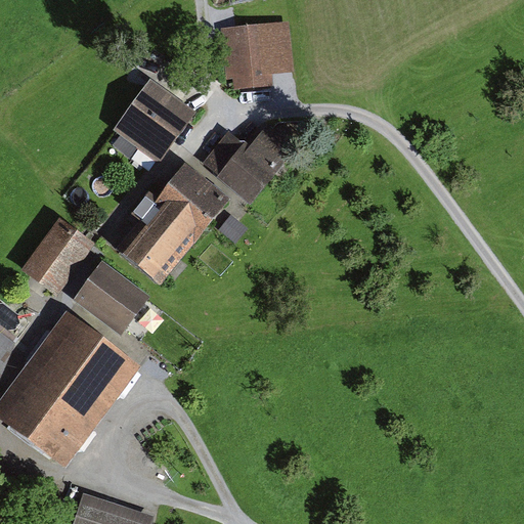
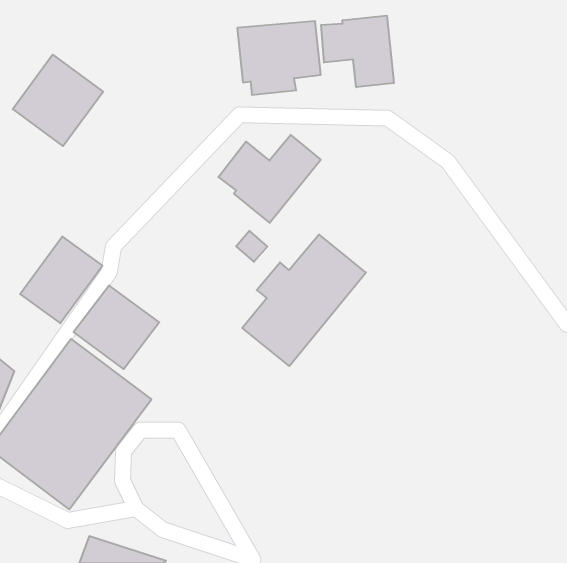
building: none -> [321,16,394,87]
building: [112,79,194,163] -> [13,55,103,146]
building: [115,165,228,286] -> [242,234,366,366]

